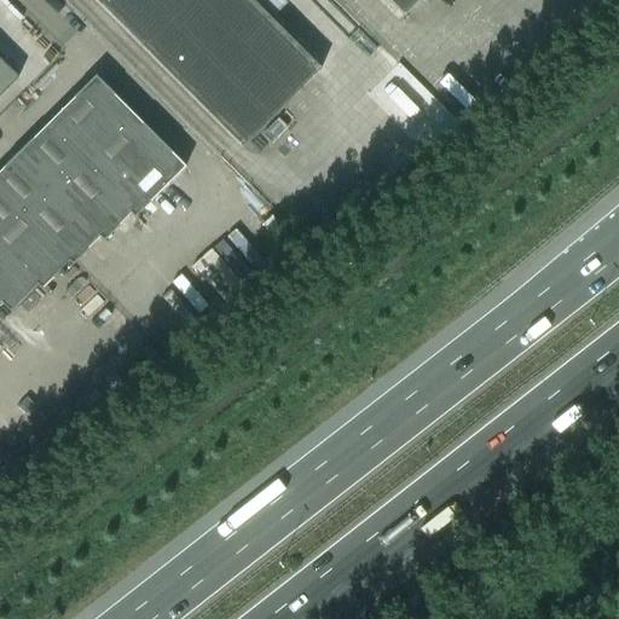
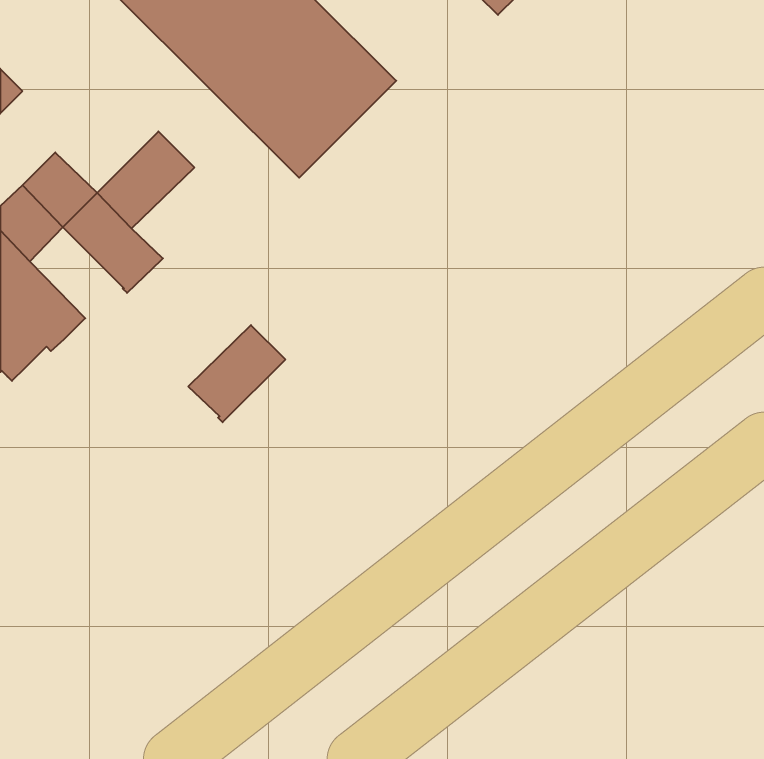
building: [45,73,128,156] -> none
building: [106,135,185,214] -> [188,325,285,422]
building: [24,184,100,261] -> none

